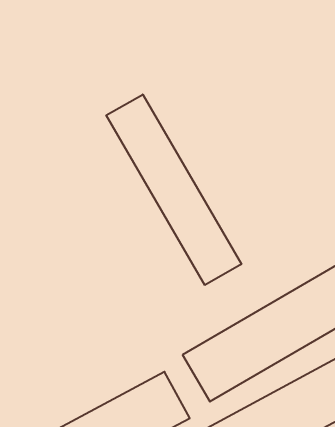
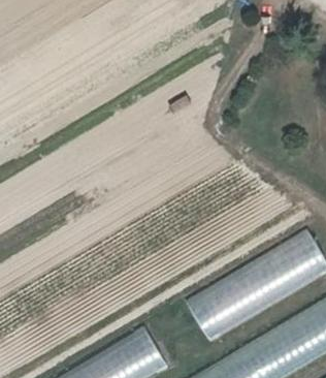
building: [106,94,241,285] -> none

